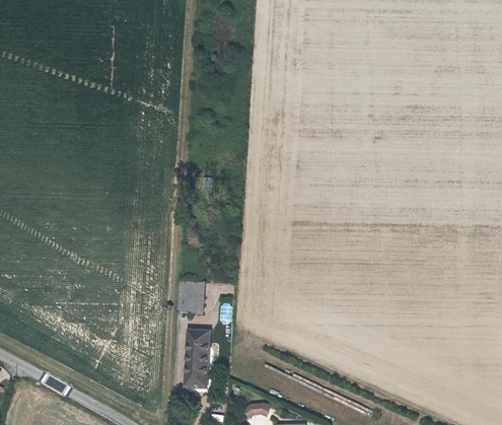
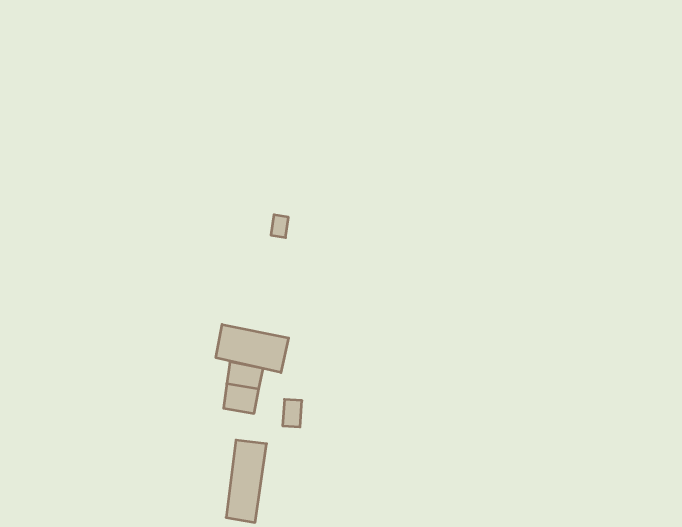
building: none -> [216,324,289,373]

